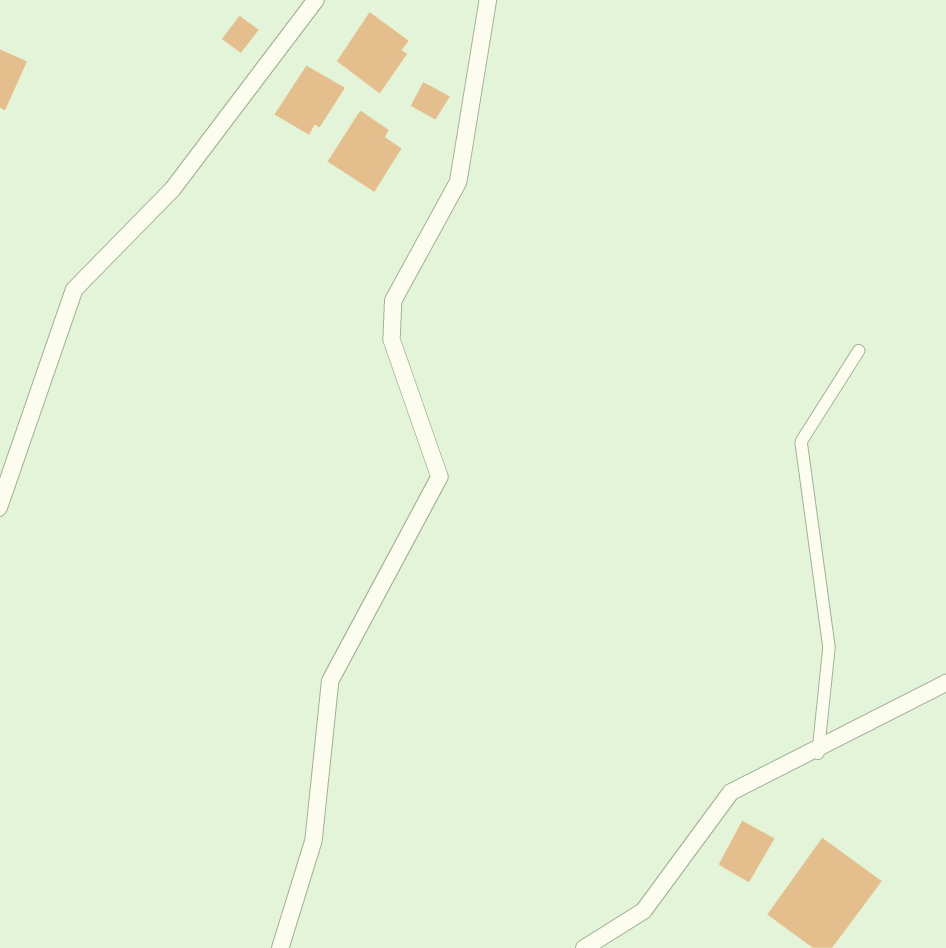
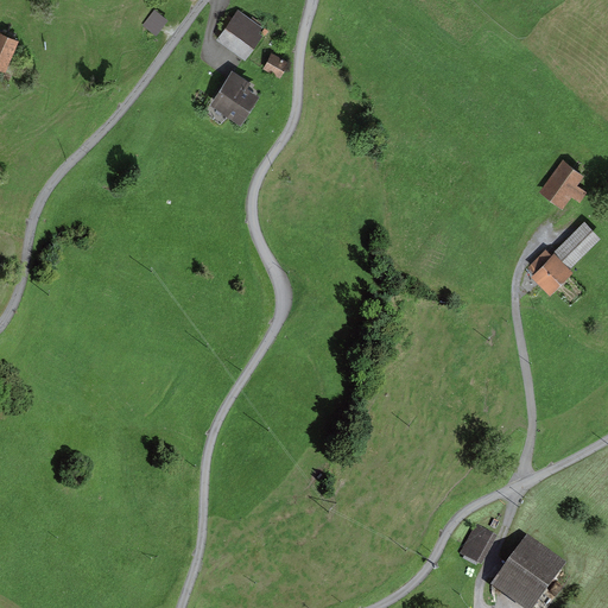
building: [273,65,346,136] -> none
building: none -> [540,160,585,205]
building: none -> [527,221,600,294]

